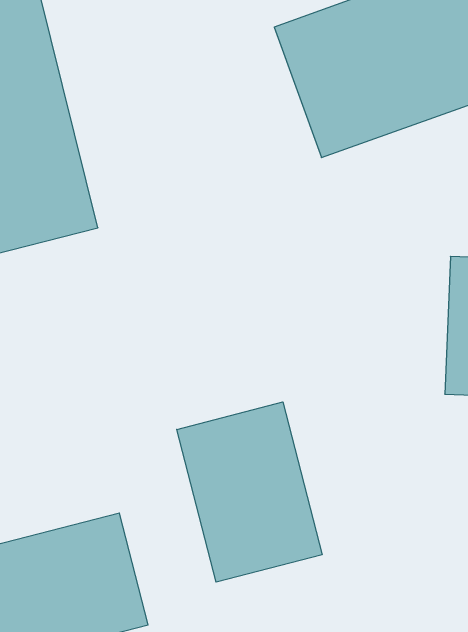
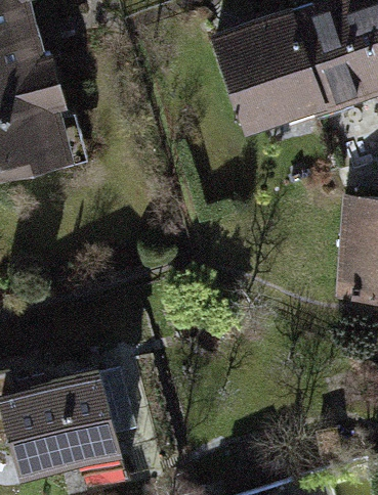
building: [177,402,322,582] -> none

